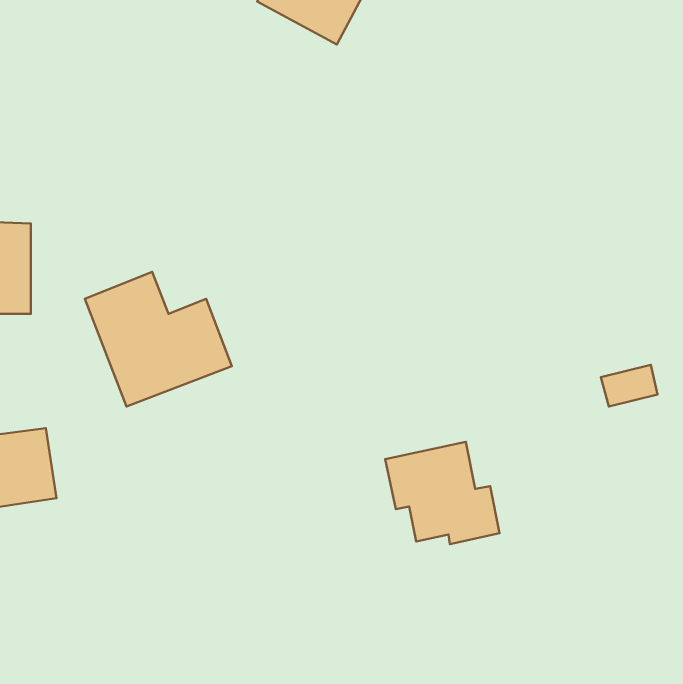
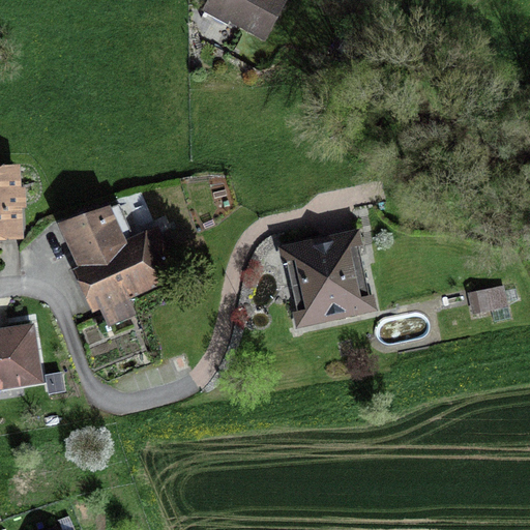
building: [385,442,500,544] -> [279,232,367,311]

